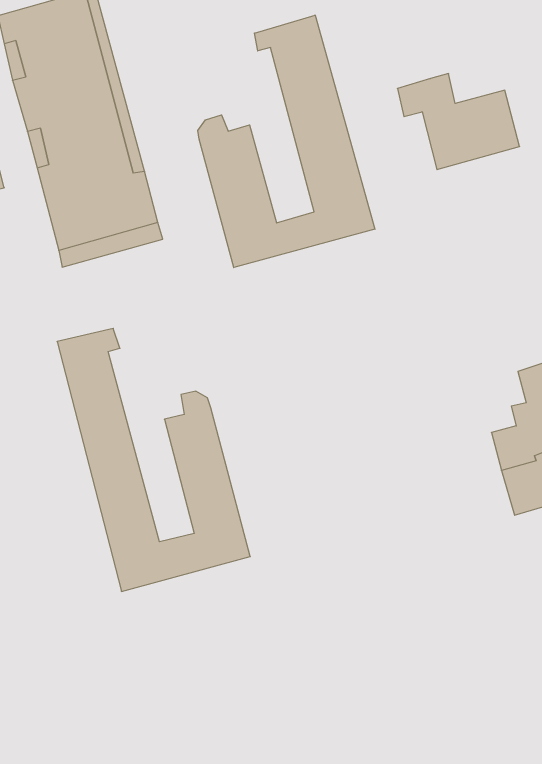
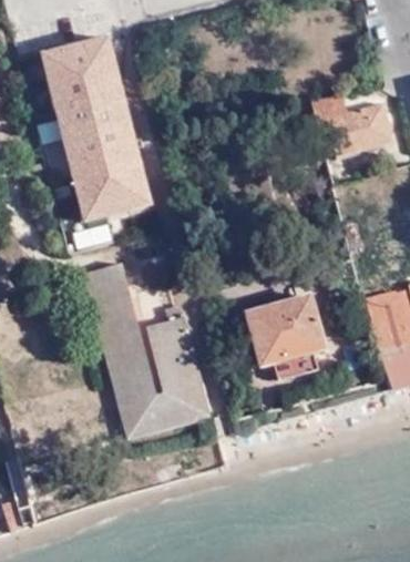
building: [198,15,375,268] -> none
building: none -> [116,276,174,406]
building: none -> [244,295,322,379]

